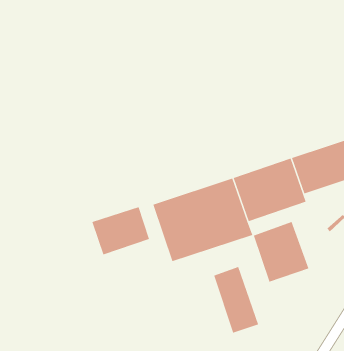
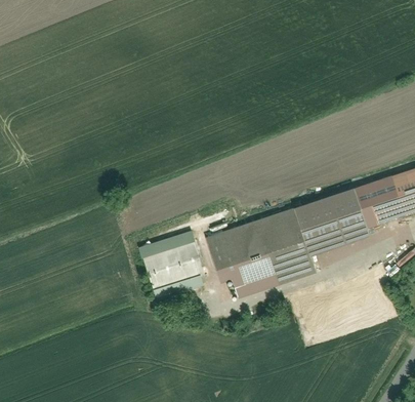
building: [253,221,309,283] -> none
building: [213,266,259,334] -> none

